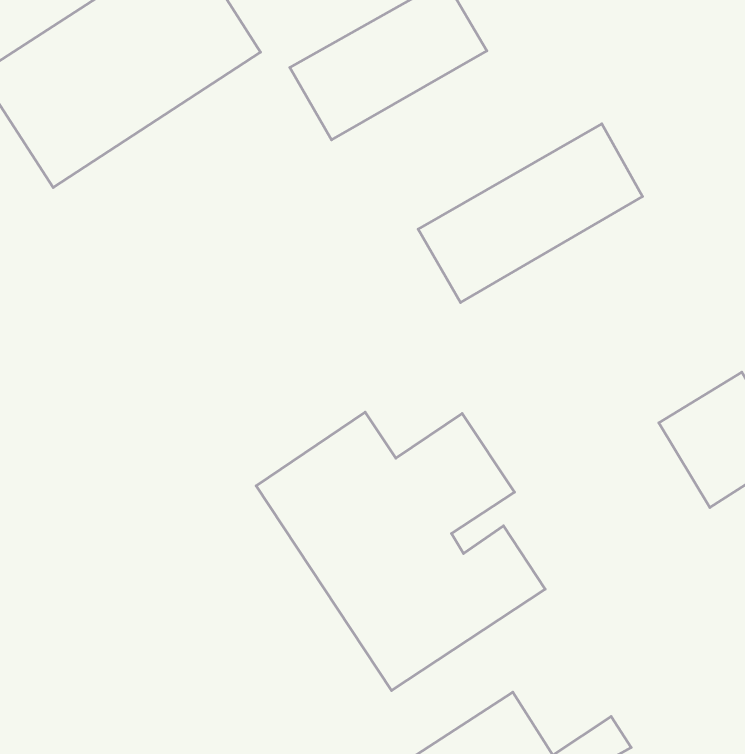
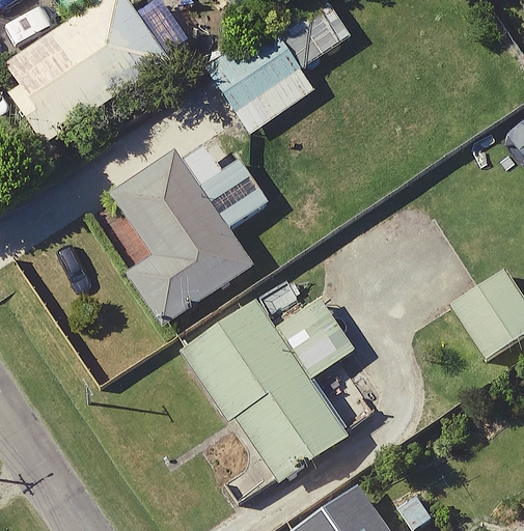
building: [418,124,642,303] -> none
building: none -> [112,123,271,326]

